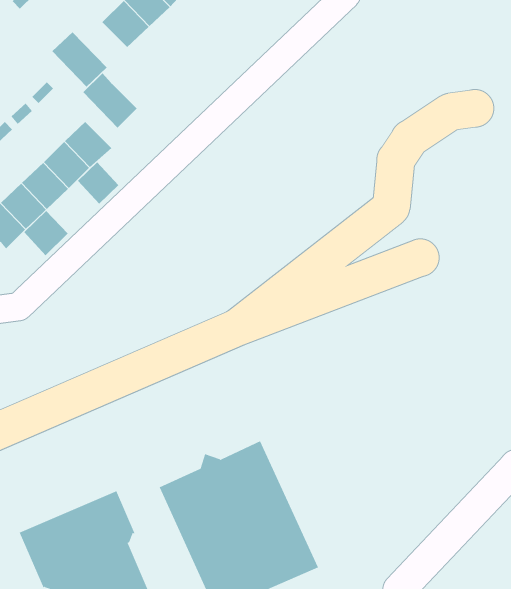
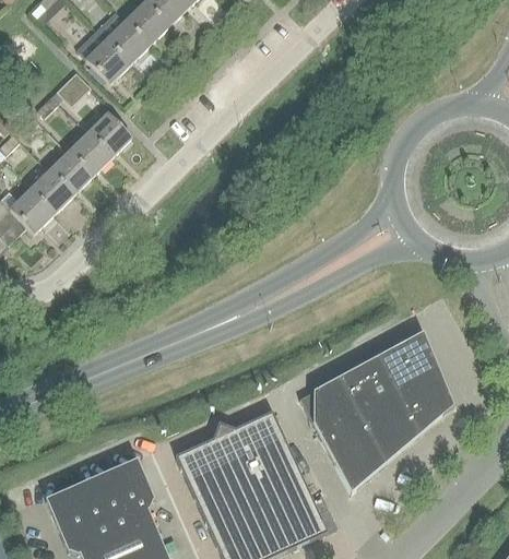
building: [83,72,137,128] -> [96,12,147,64]
building: [77,161,119,204] -> none
building: [24,210,68,256] -> none
building: none -> [309,330,452,491]

